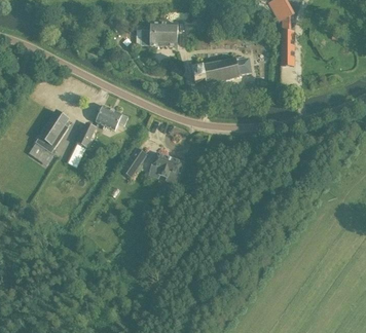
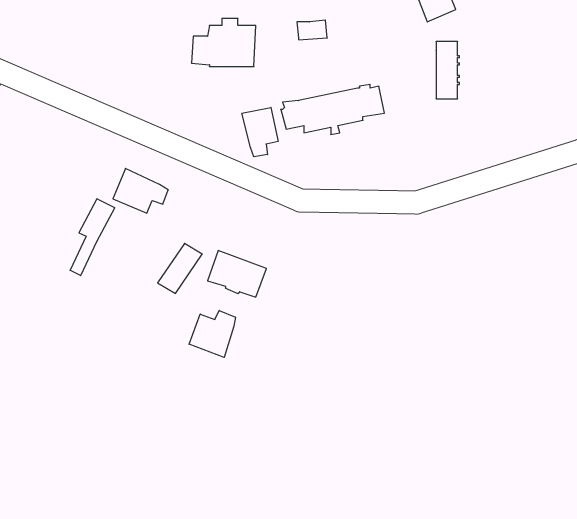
building: none -> [242,107,278,157]
building: [35,111,69,153] -> none
building: none -> [189,310,235,357]

